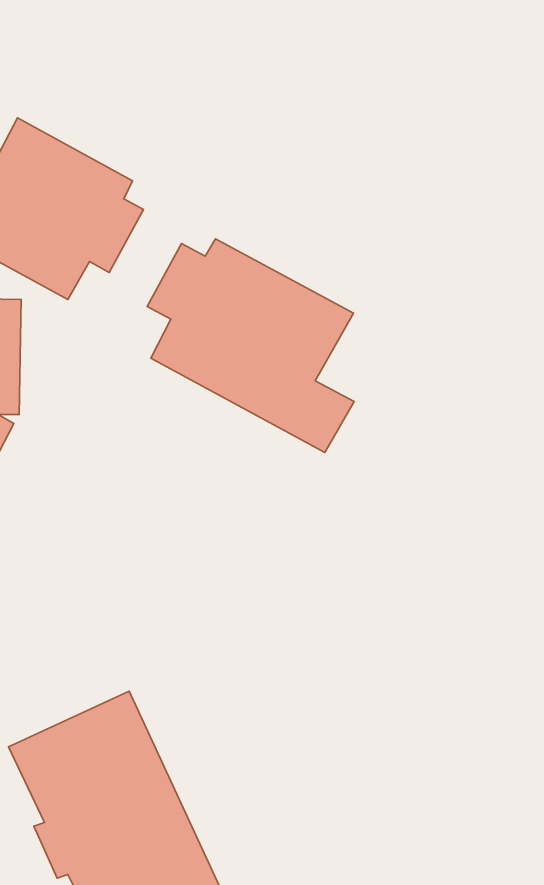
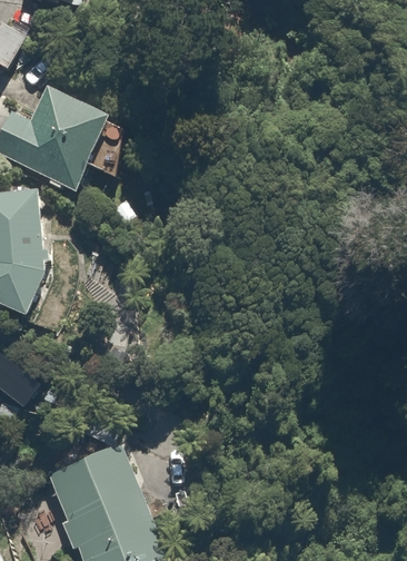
building: [147,239,354,453] -> none

